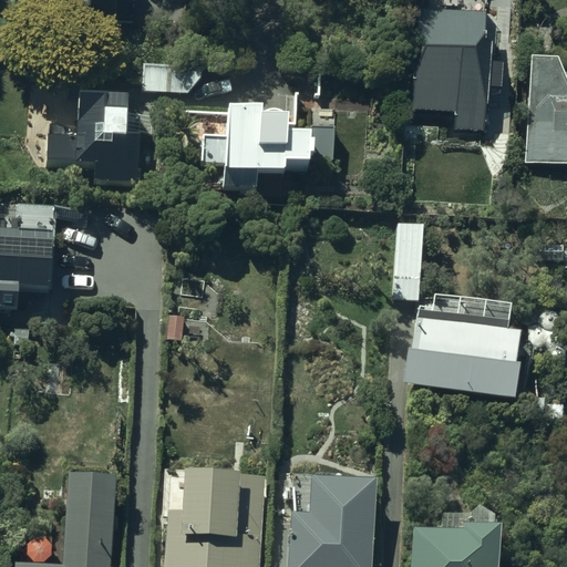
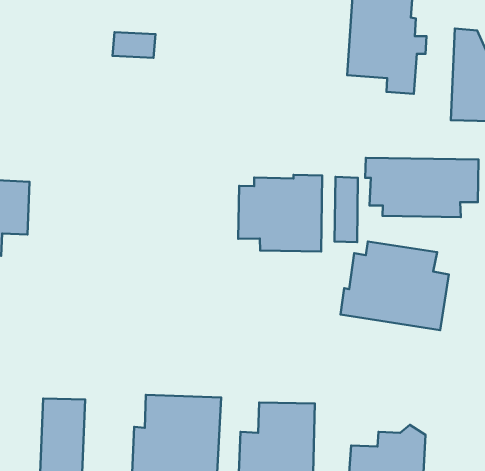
building: [47,96,142,181] -> none
building: [204,107,337,186] -> none
building: none -> [365,158,479,217]
building: none -> [238,175,322,251]

